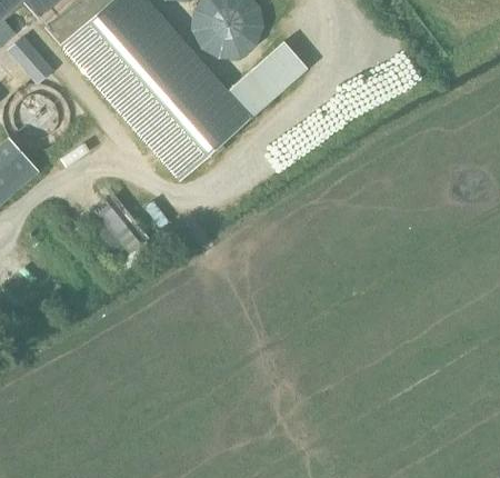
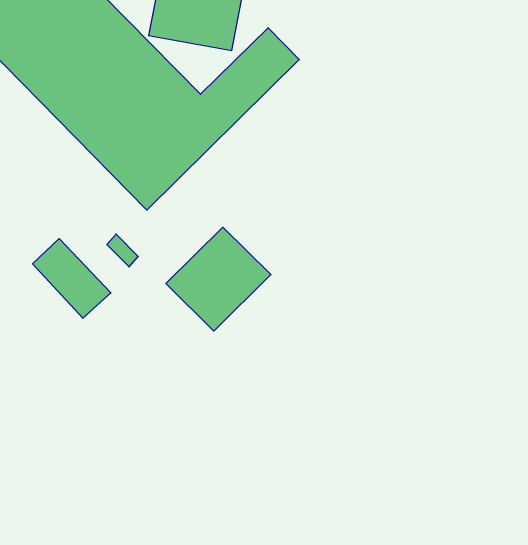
building: none -> [166,227,271,331]

